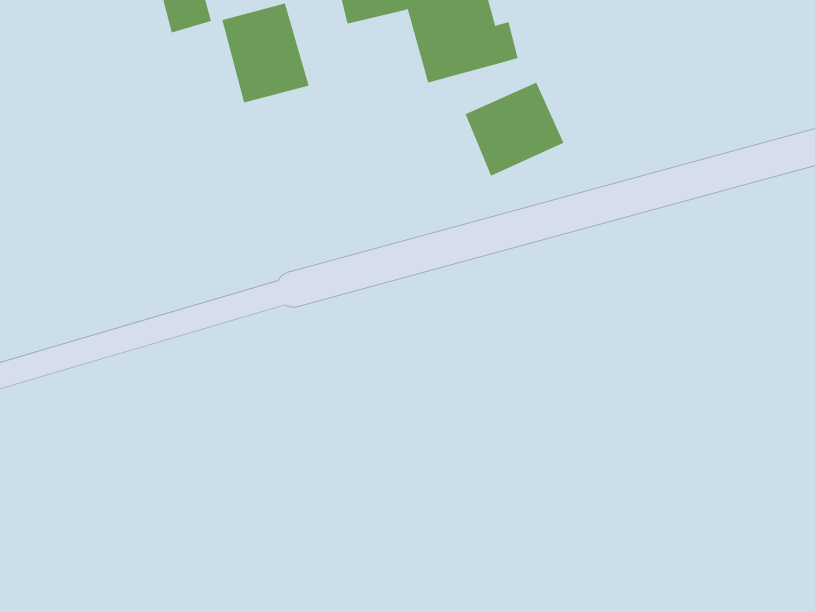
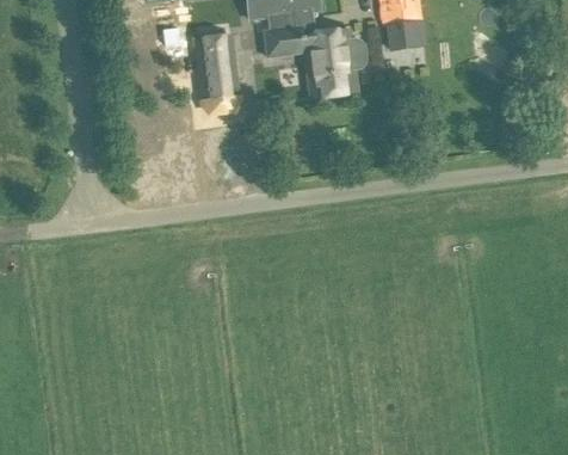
building: [465,82,564,176] -> none

